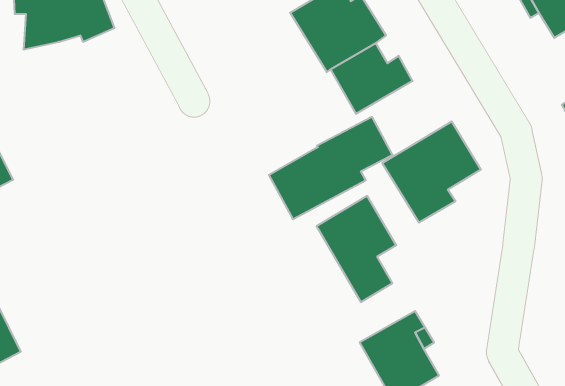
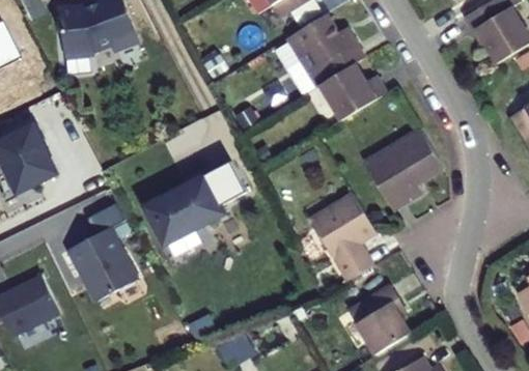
building: [269,117,393,219] -> [147,158,249,241]
building: none -> [69,201,139,299]

